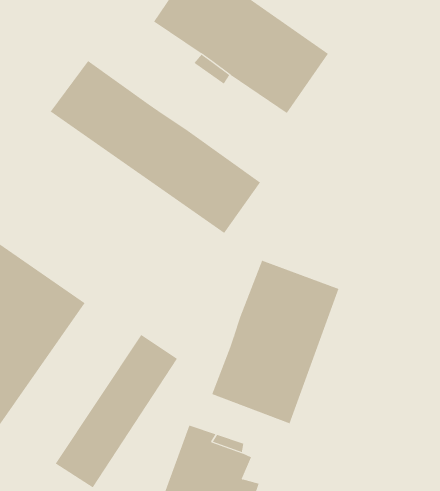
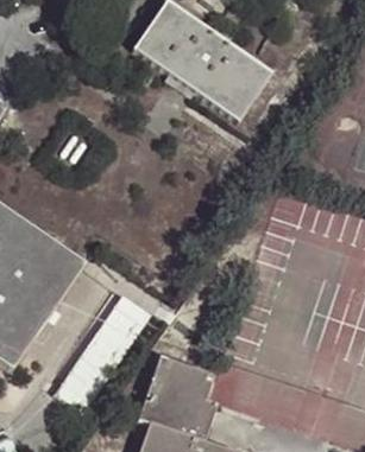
building: [50,60,261,234] -> none
building: [211,260,339,424] -> none

